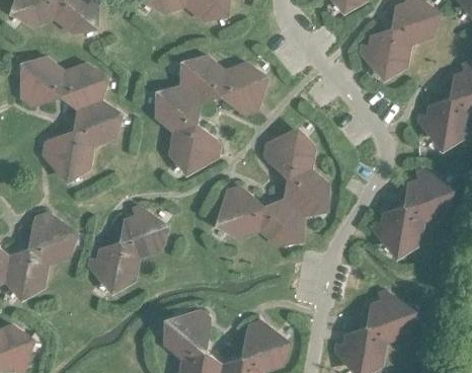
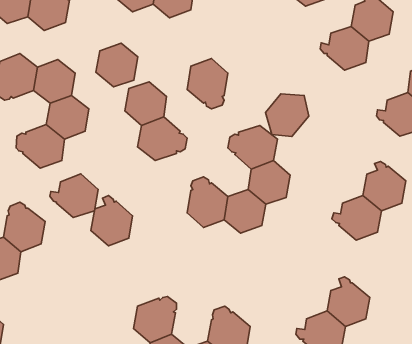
building: [181,57,225,102] -> [96,43,138,87]
building: none -> [265,94,309,137]
building: [88,242,139,288] -> [50,174,98,218]

